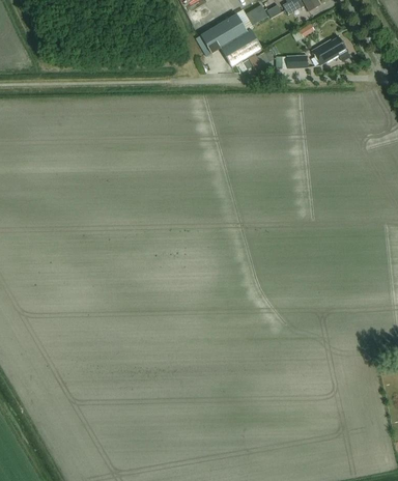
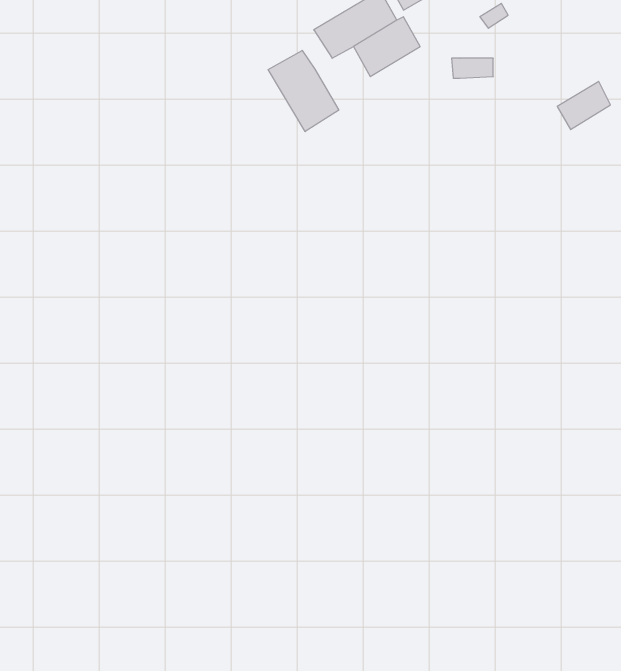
building: [314,34,347,64] -> [557,81,610,130]
building: none -> [268,50,339,132]

